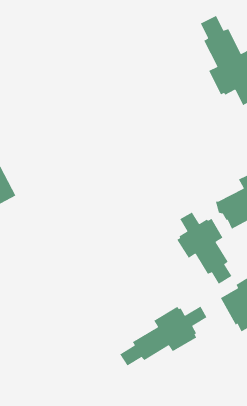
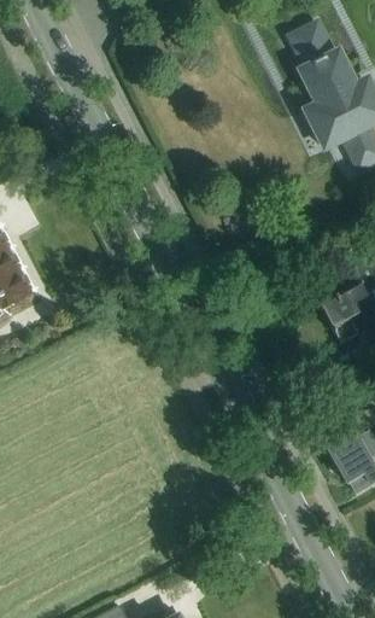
building: [176,211,232,285] -> none
building: [119,306,207,367] -> none

